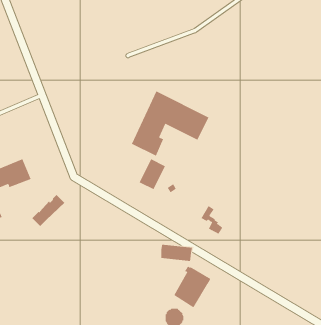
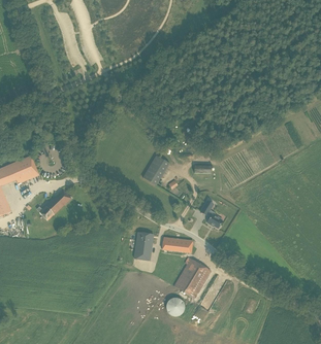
building: [131,91,209,157] -> none
building: none -> [135,232,153,261]

